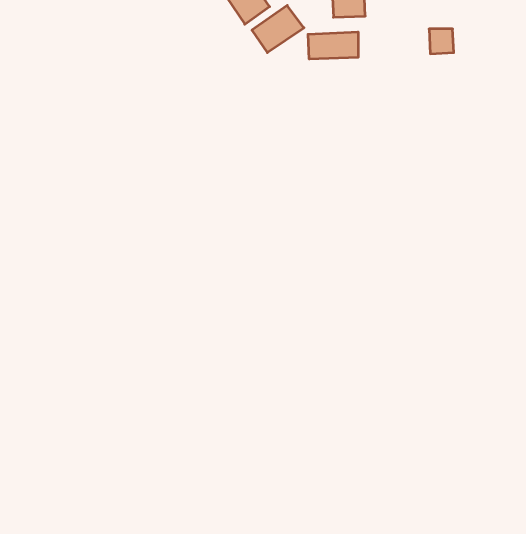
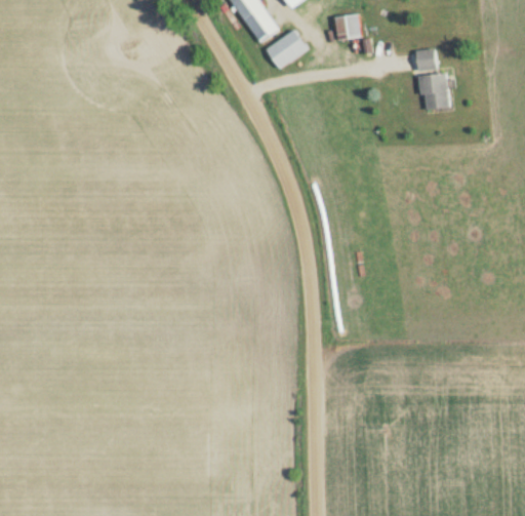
building: [308,32,358,59] -> none
building: none -> [419,72,451,110]

